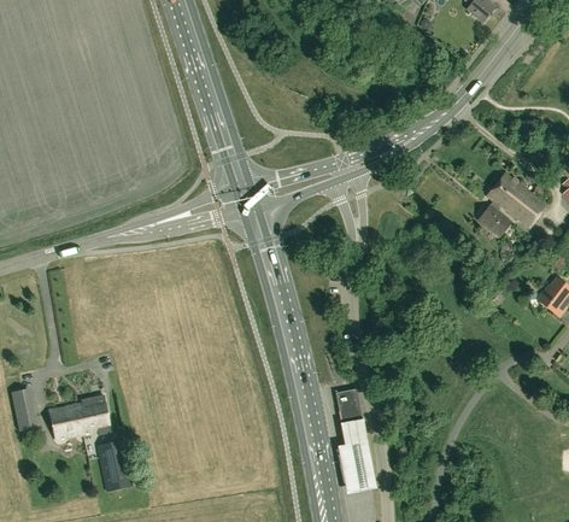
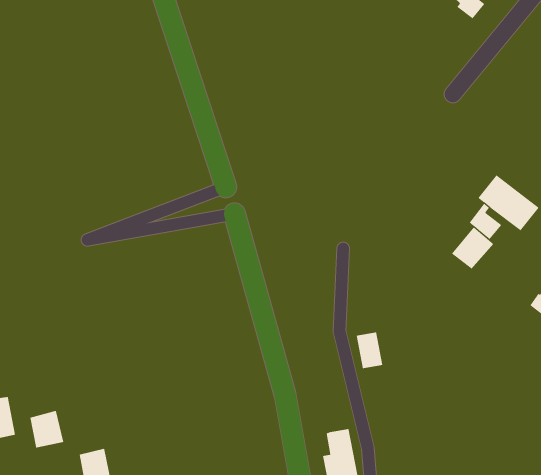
building: none -> [451,226,494,269]
building: [335,388,362,424] -> [356,332,383,369]
building: [76,394,111,434] -> none

